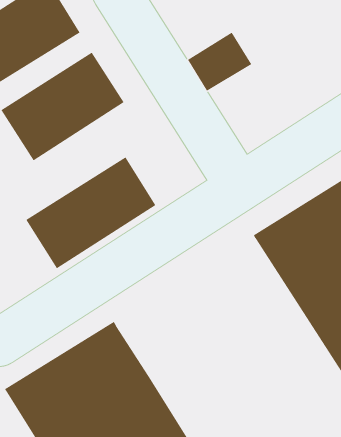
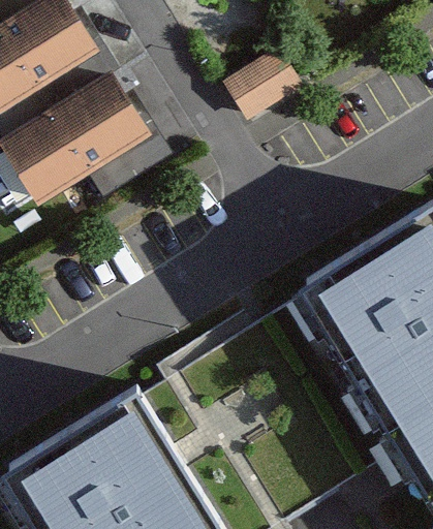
building: [25,156,156,269] -> none

